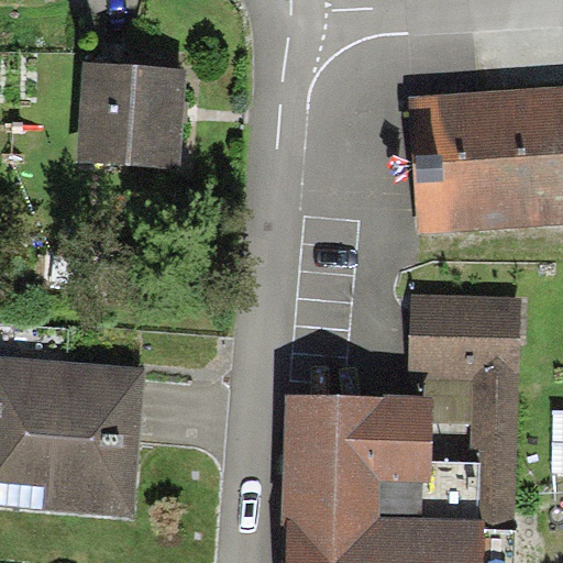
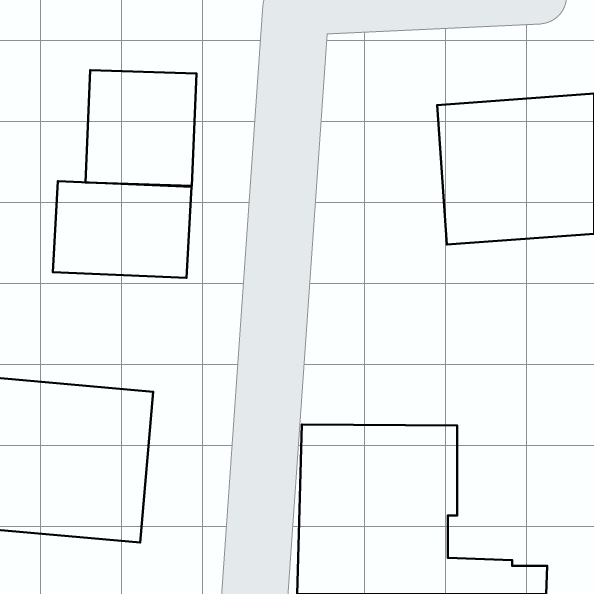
building: none -> [53,181,191,278]
building: [408,298,522,532] -> none

